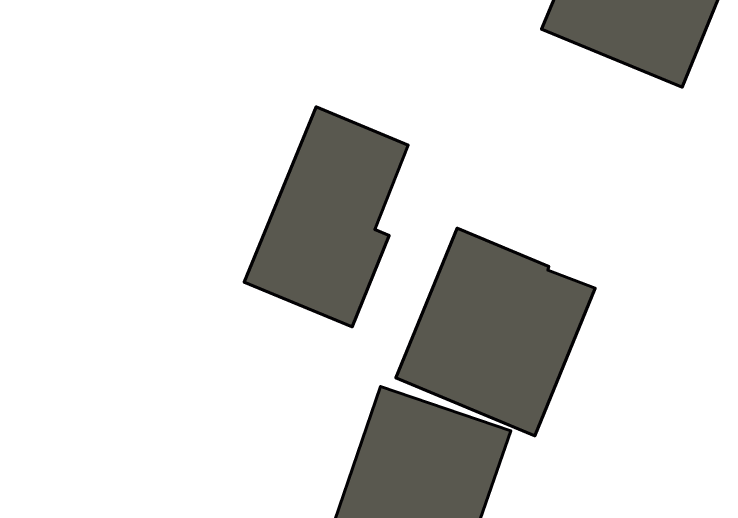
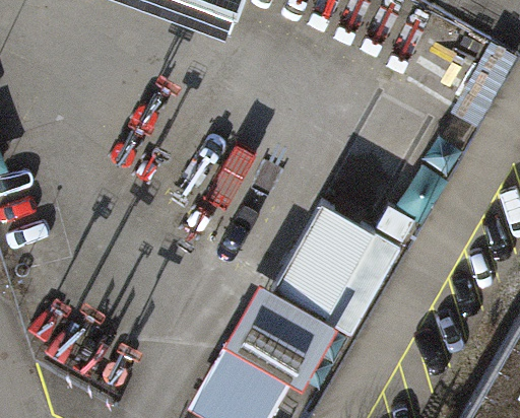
building: [244,107,408,327] -> none

